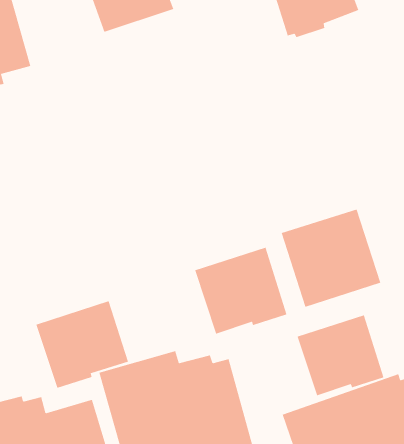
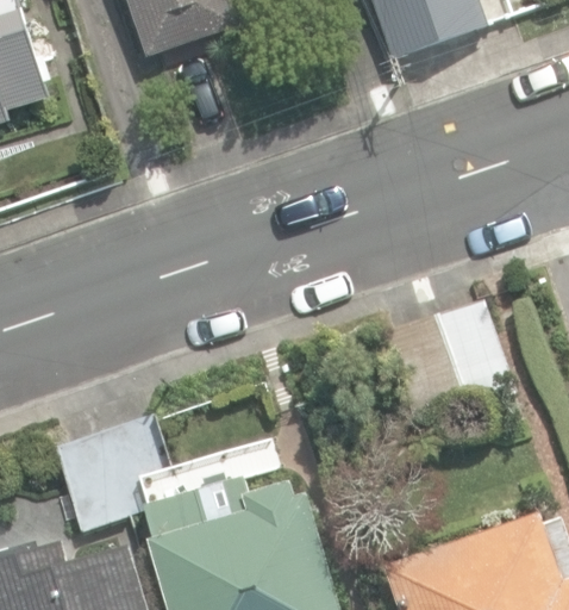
building: [195,247,287,334] -> none
building: [297,314,384,396] -> none

